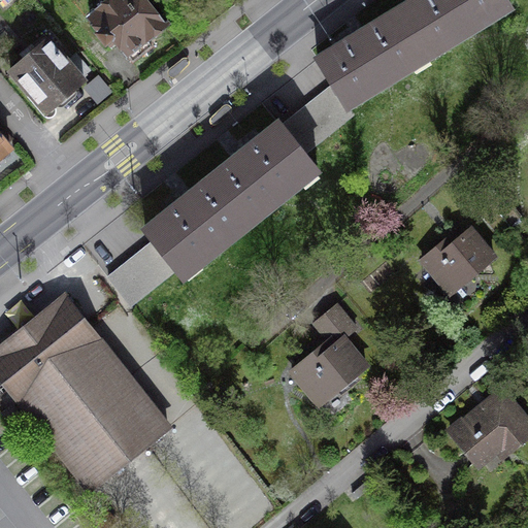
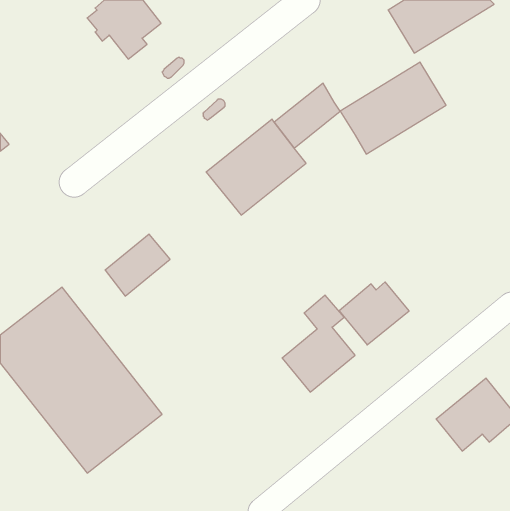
building: [319,10,428,105] -> [340,62,446,154]
building: [11,38,85,112] -> none
building: [146,177,250,275] -> none
building: [423,228,495,293] -> [339,282,409,345]

